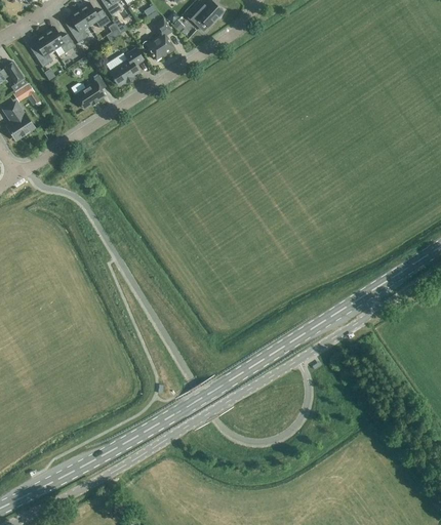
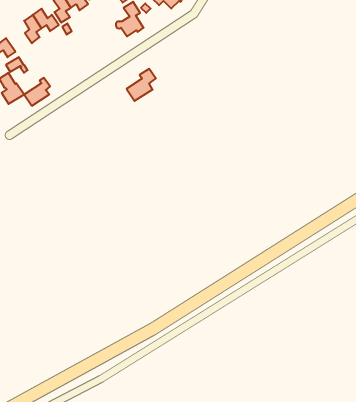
building: [109,47,144,85] -> [127,69,156,101]
building: [75,75,106,108] -> [24,78,50,106]

